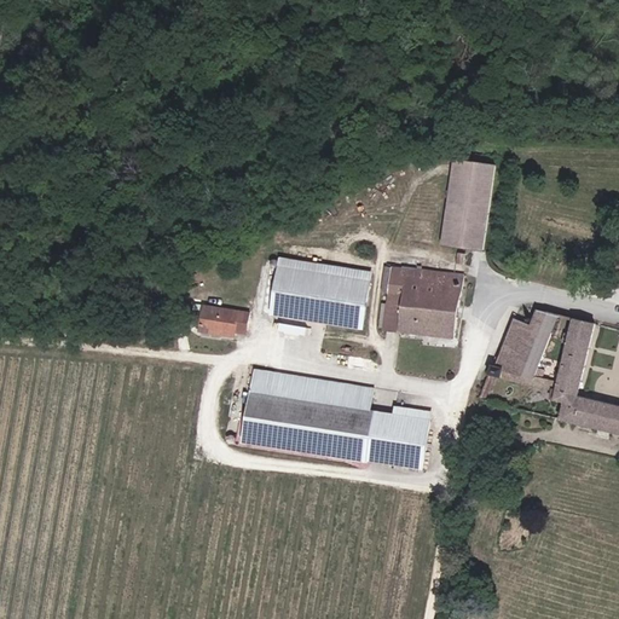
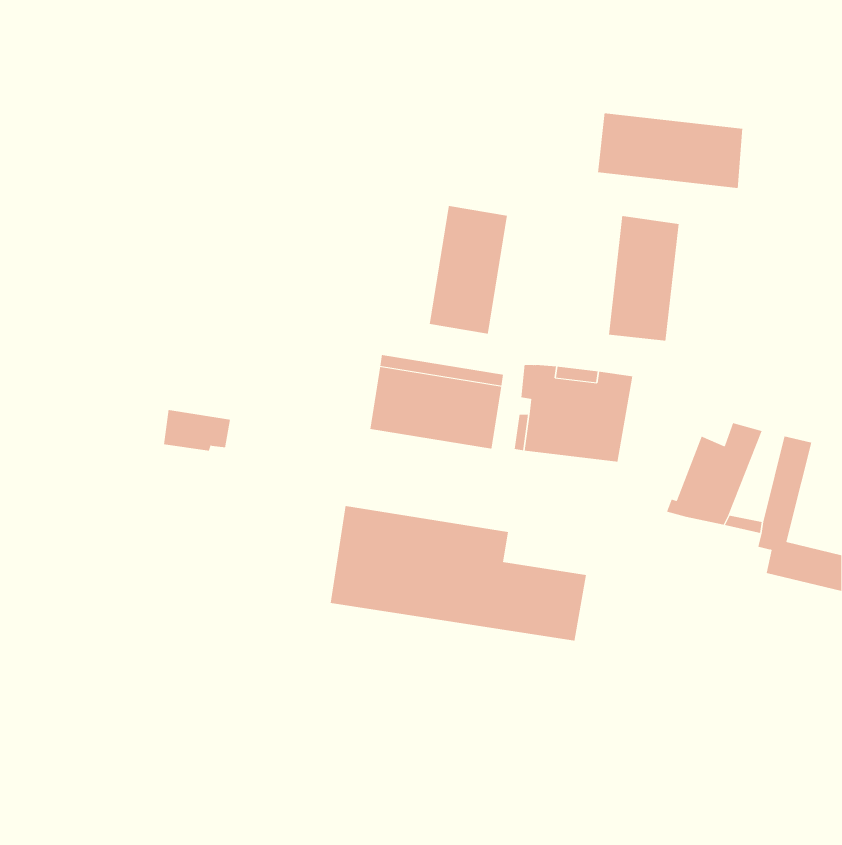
building: none -> [597,113,743,189]
building: none -> [429,205,508,334]
building: [197,305,247,335] -> [163,410,231,451]

